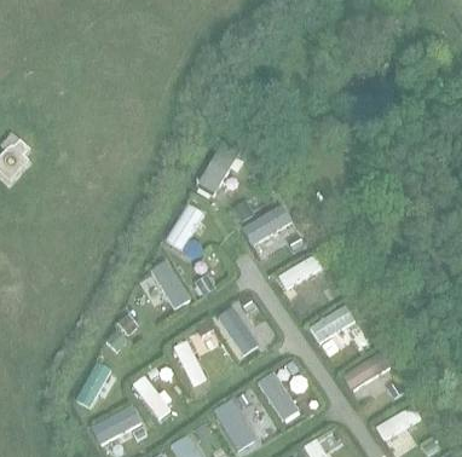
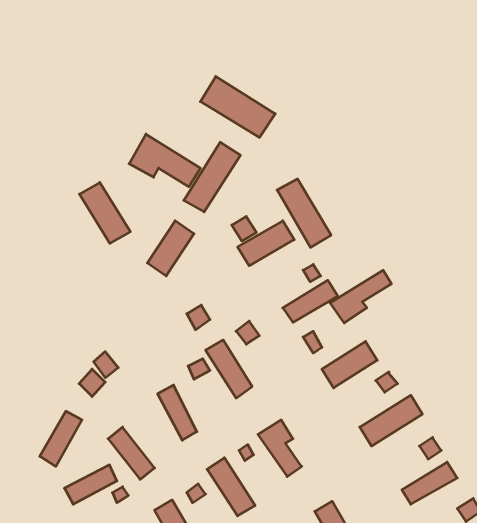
building: none -> [200,76,275,137]
building: none -> [129,134,200,187]
building: none -> [277,179,331,247]
building: none -> [330,270,391,323]
building: [149,260,191,311] -> [79,182,130,243]

